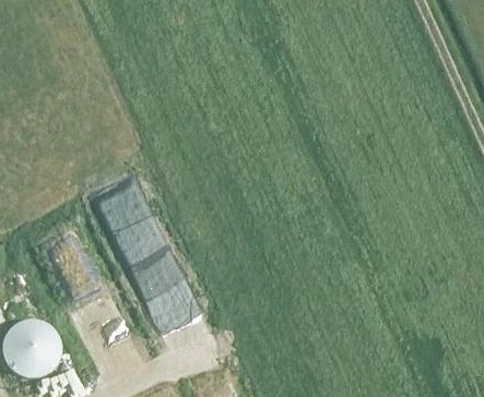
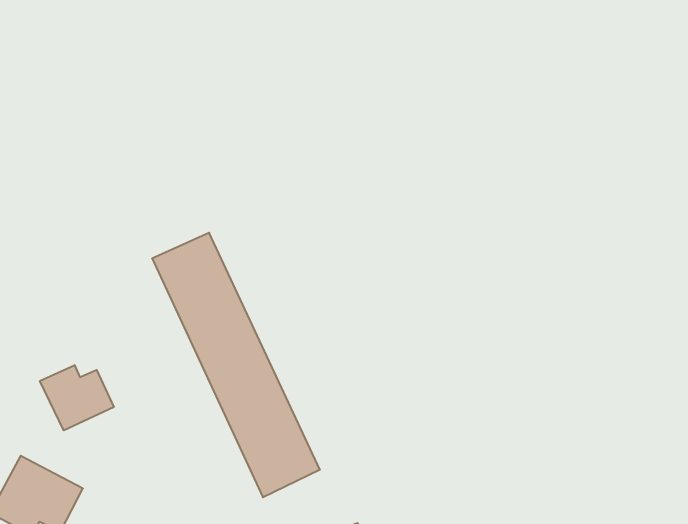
building: none -> [40,365,114,430]

